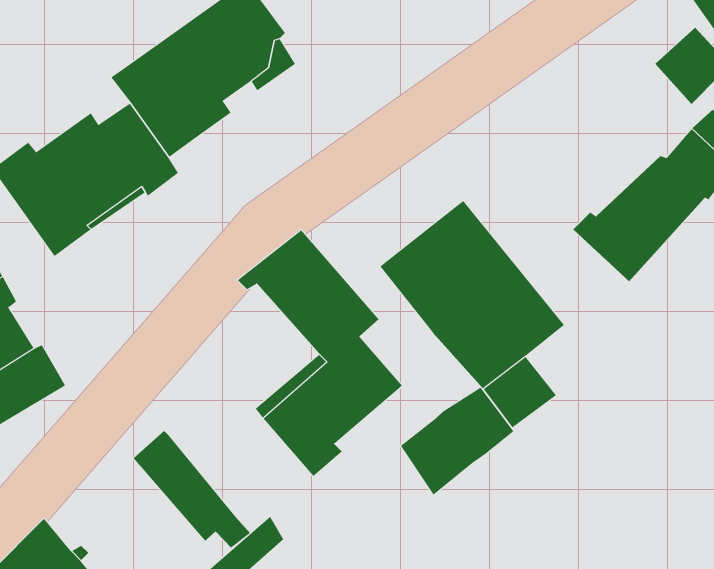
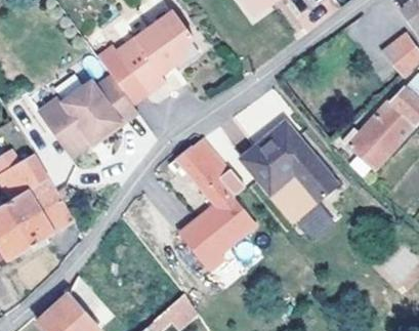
building: [400,387,514,496] -> none
building: [133,430,251,549] -> none

